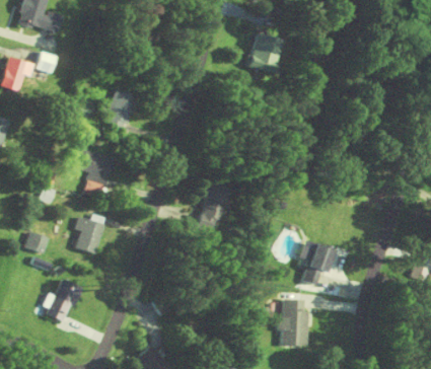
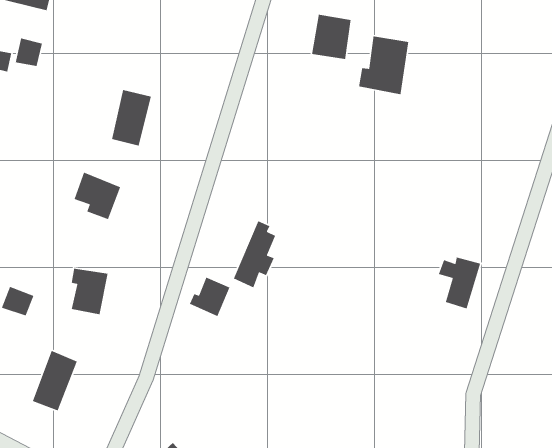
building: none -> [358,36,409,95]
building: none -> [189,276,231,317]
building: [299,244,331,283] -> [438,256,481,309]
building: [280,300,308,346] -> none

